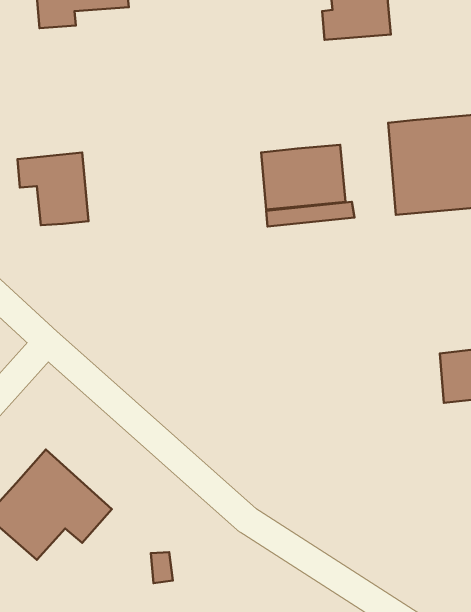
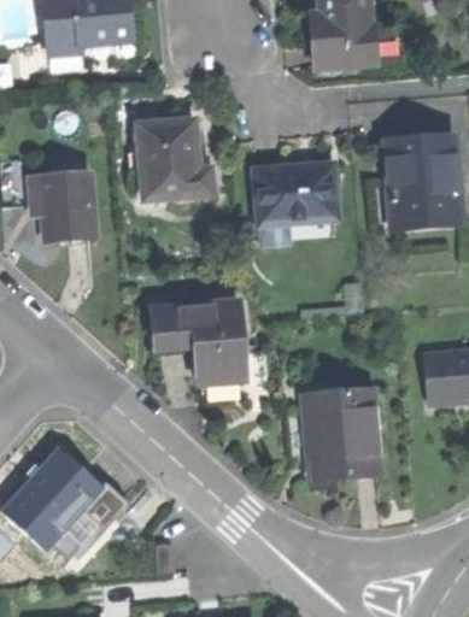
building: none -> [139,119,215,201]
building: none -> [154,301,270,399]
building: none -> [305,389,379,476]

